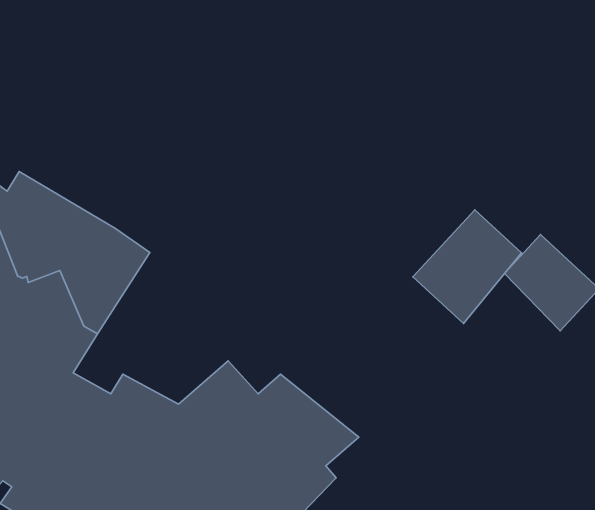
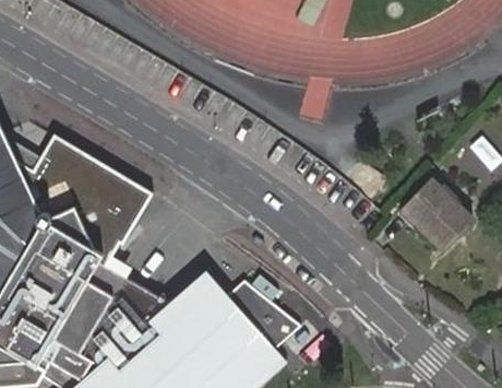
building: [413,210,522,323] -> none

